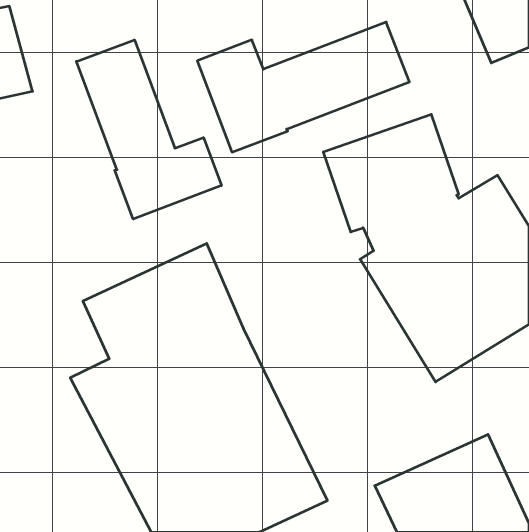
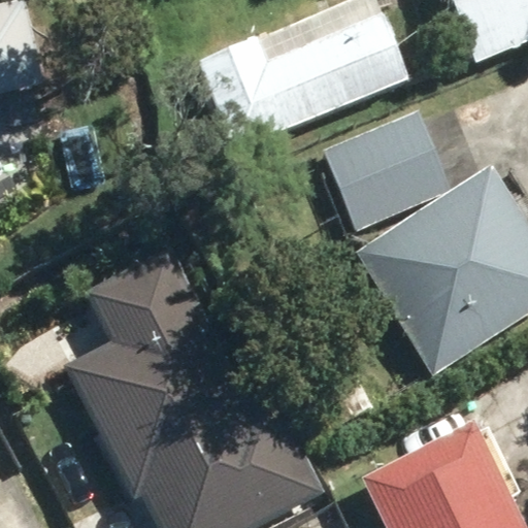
building: [76,40,221,219] -> none

